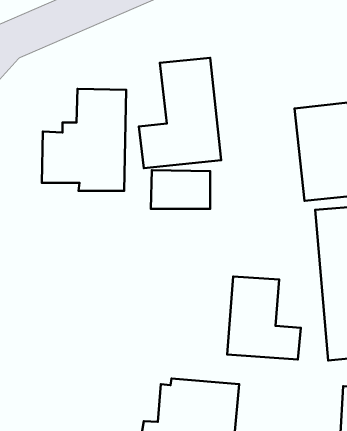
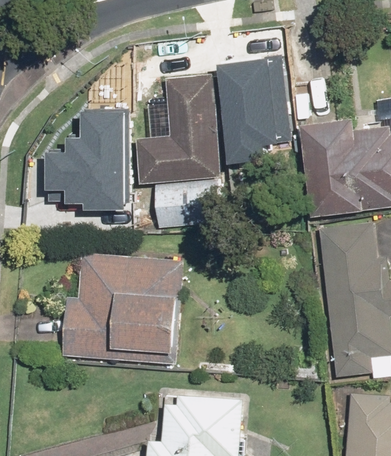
building: none -> [216,61,292,168]
building: none -> [57,252,183,365]
building: [227,276,301,359] -> none

